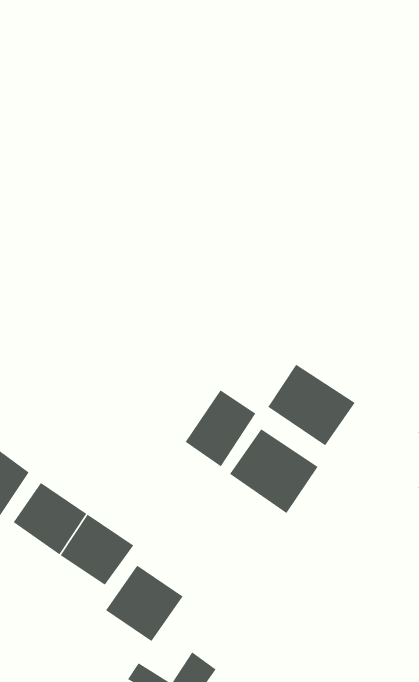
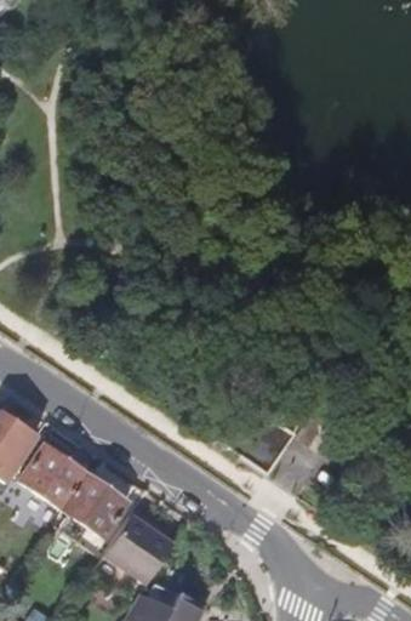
building: [268,364,355,446] -> none
building: [185,390,256,467] -> none

